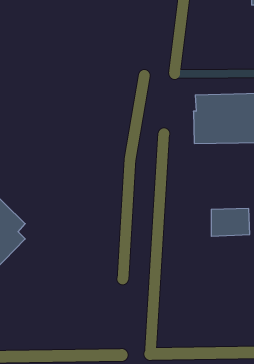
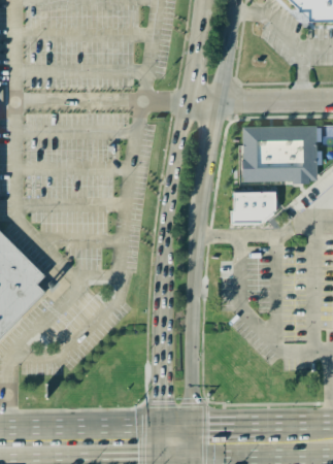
building: [211,209,250,236] -> [232,191,276,223]

